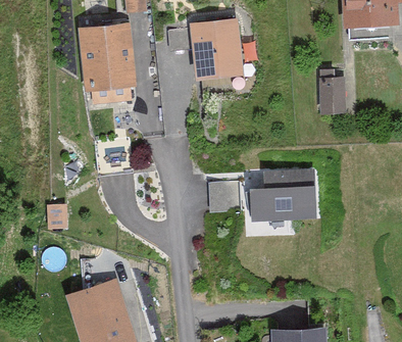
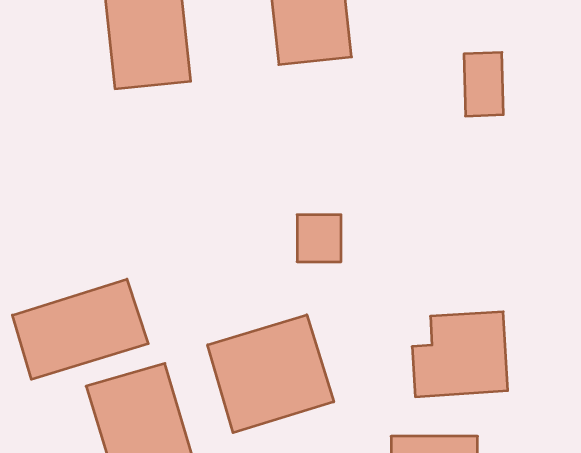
building: [250,165,314,223] -> [412,312,508,397]
building: none -> [12,279,148,379]
building: none -> [208,315,334,433]

